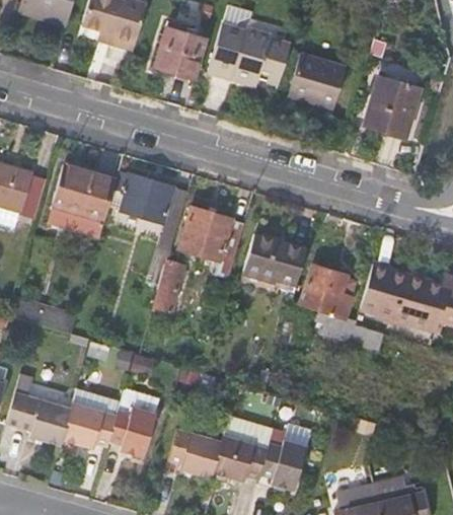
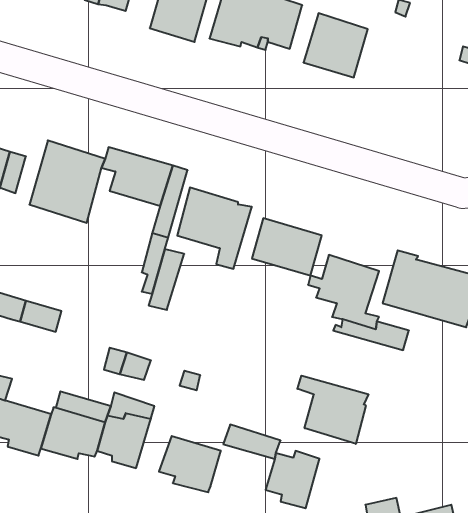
building: [367,80,417,135] -> none
building: none -> [297,376,368,444]
building: [209,434,266,481] -> none

